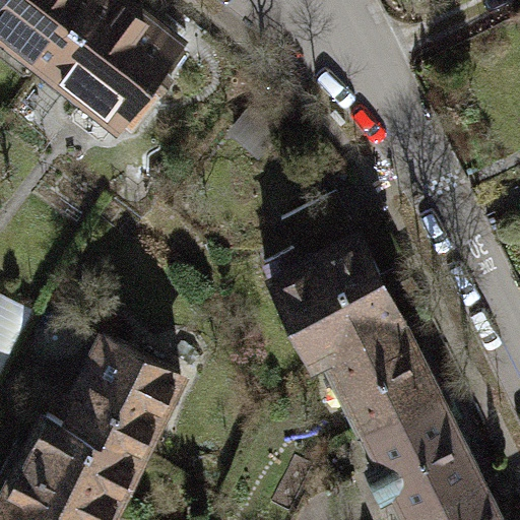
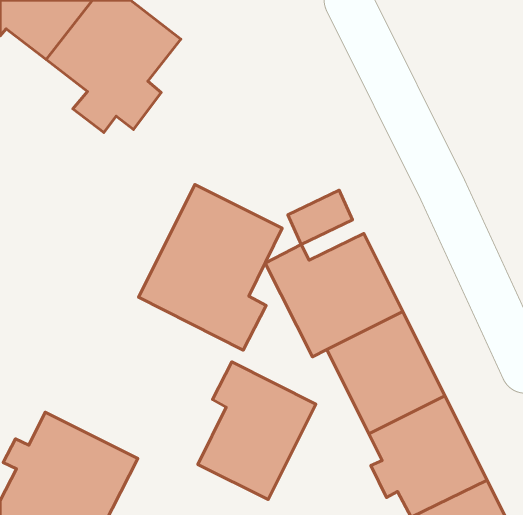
building: none -> [139,184,282,350]
building: [47,342,181,463] -> none
building: none -> [198,362,316,500]

